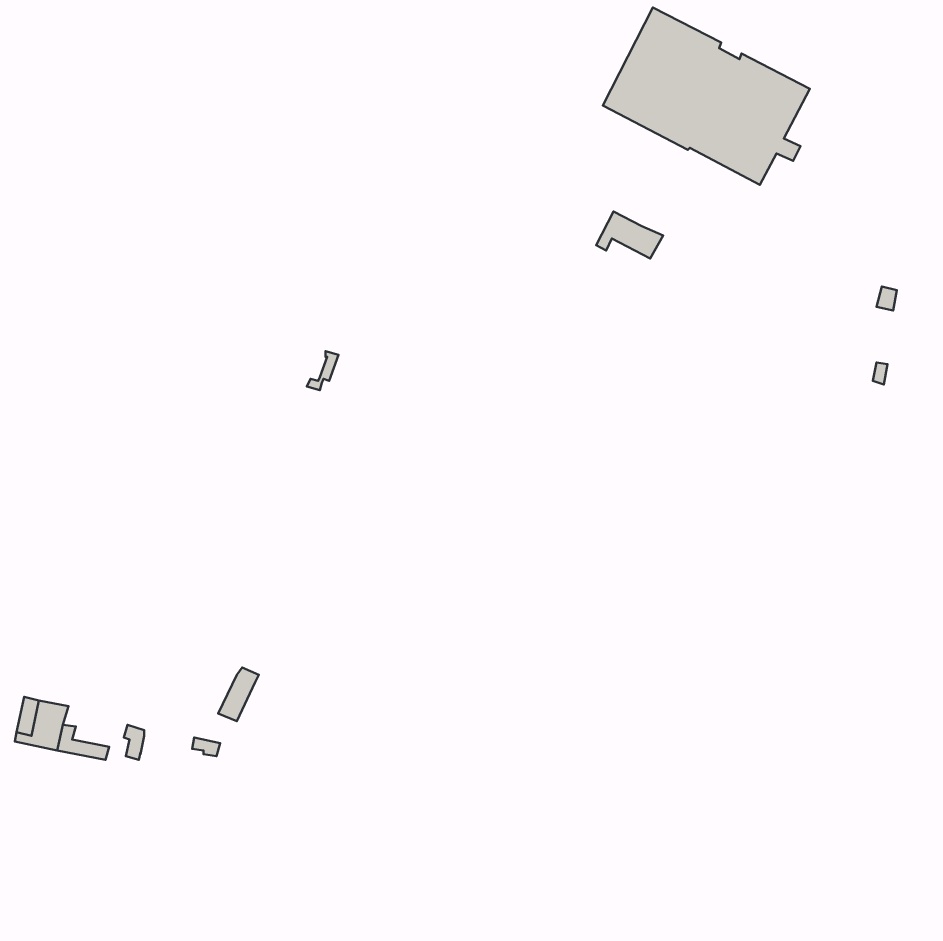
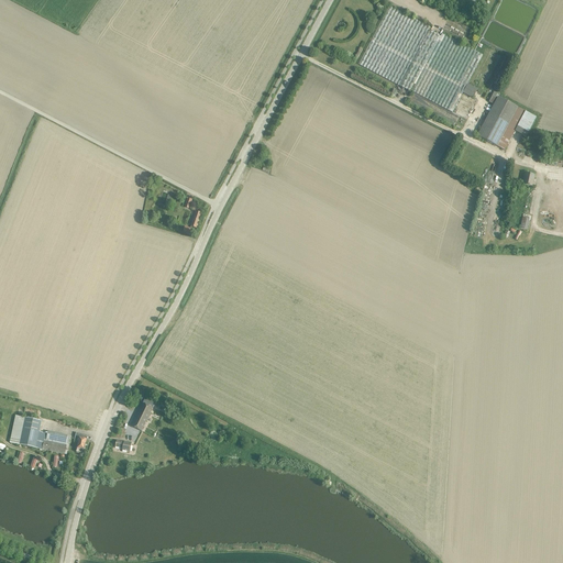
building: none -> [476,95,525,148]
building: [596,212,663,258] -> none

